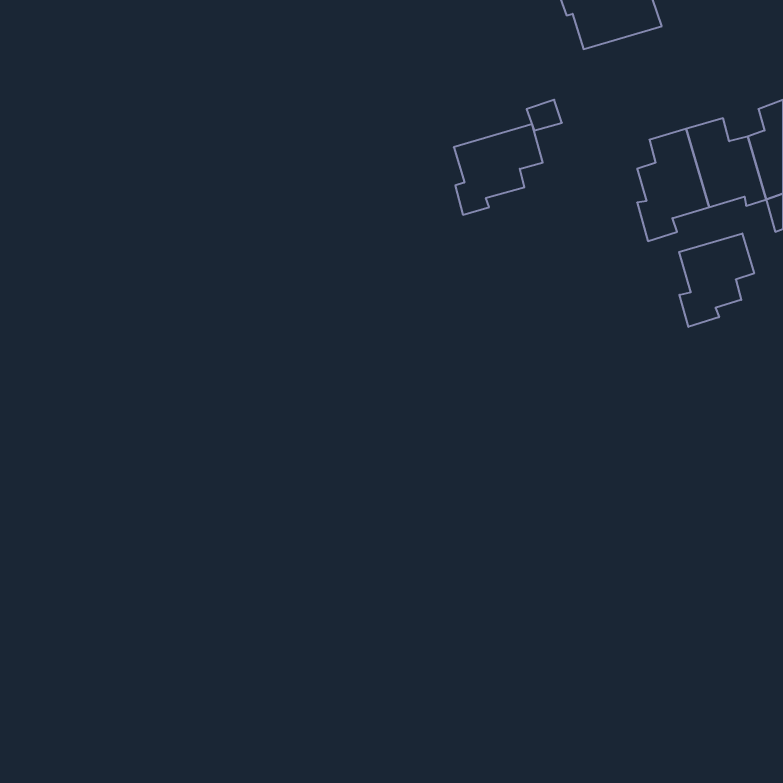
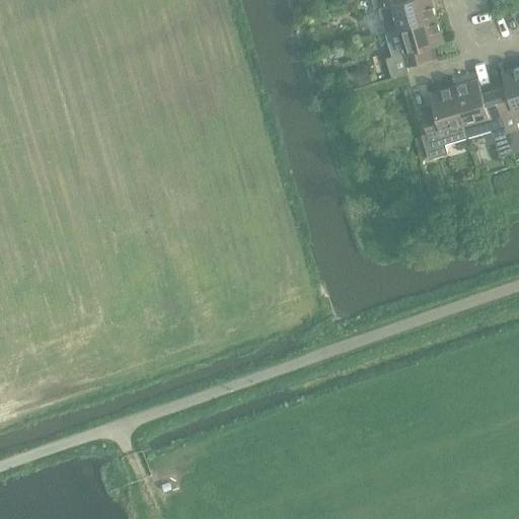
building: [454,124,543,215] -> [385,17,444,77]
building: [679,233,754,327] -> none

